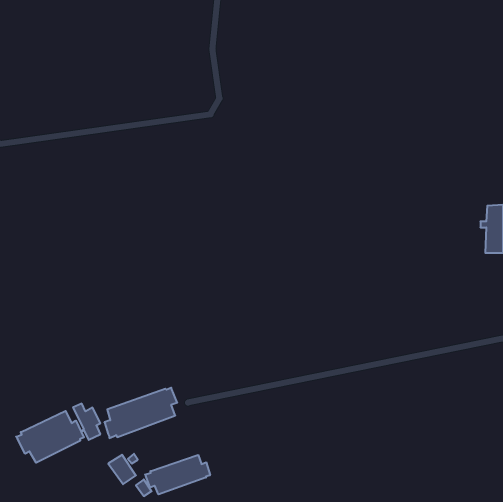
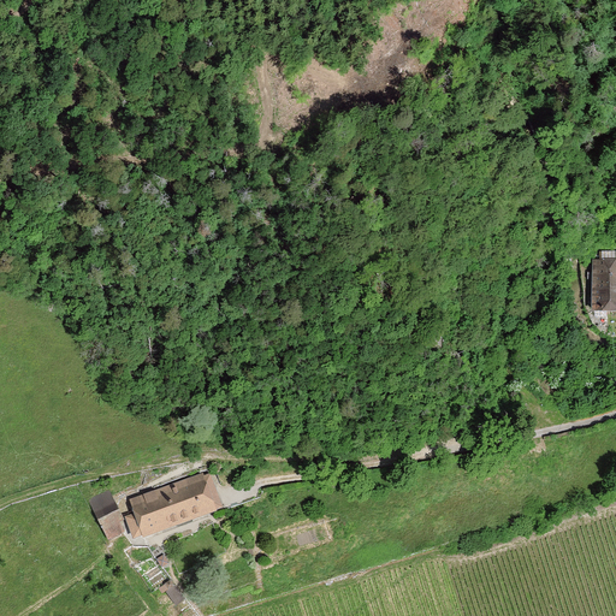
building: [16,411,84,463] -> none
building: [145,455,210,494] -> none

